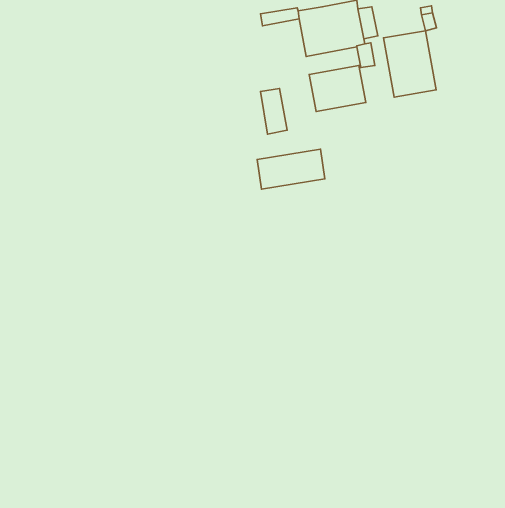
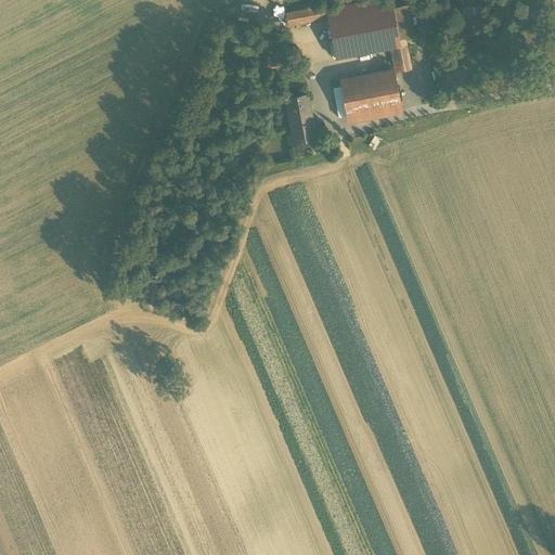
building: [383,31,436,97] -> none
building: [257,149,325,189] -> none

